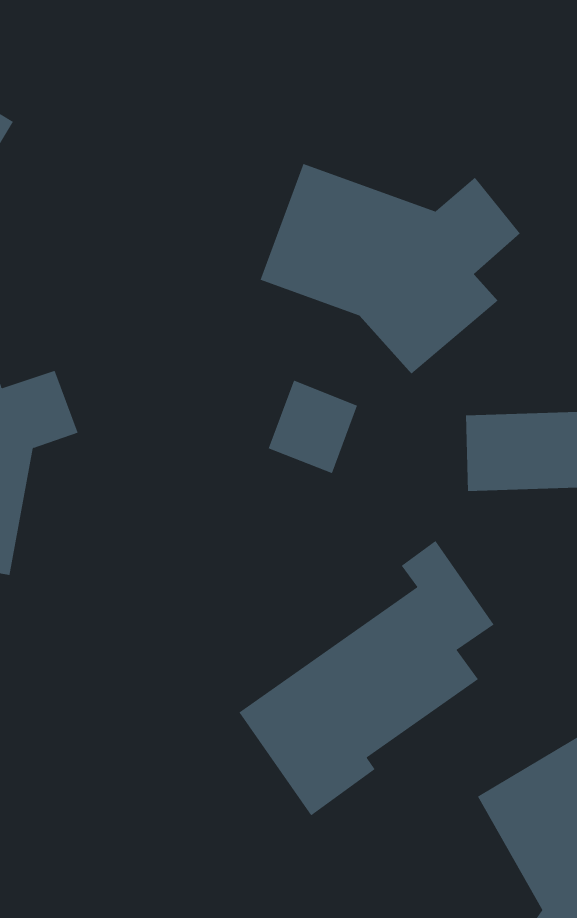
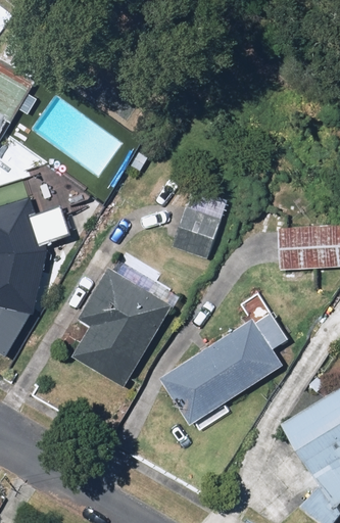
building: [260,163,520,374] -> none
building: none -> [70,266,173,385]

